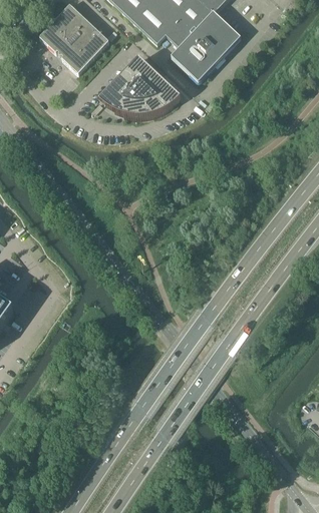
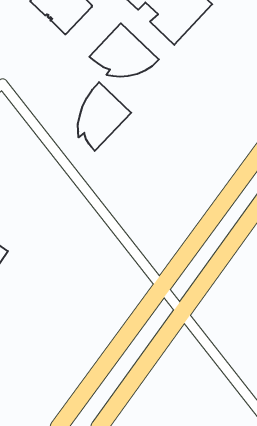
building: none -> [78,82,131,151]

